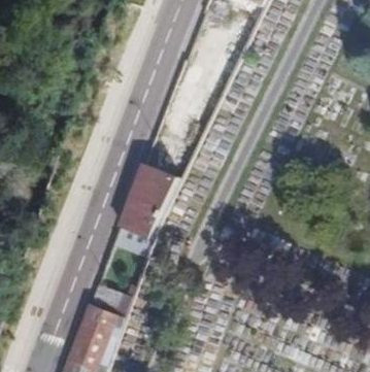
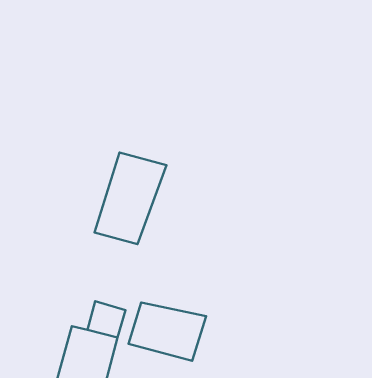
building: none -> [128,303,206,361]

